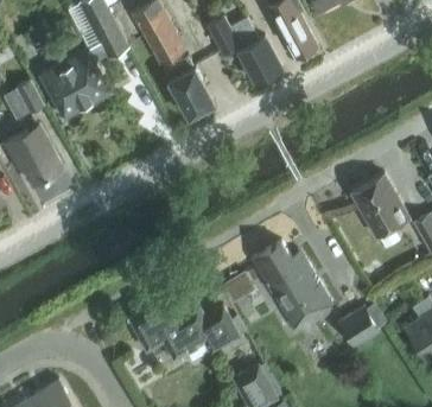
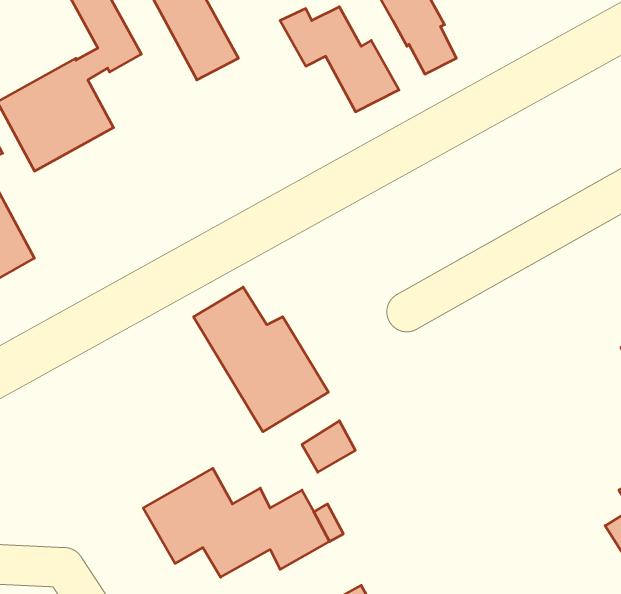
building: [165,58,215,119] -> none
building: [351,176,408,237] -> none
building: [252,243,332,330] -> [194,287,328,432]
building: [339,309,379,348] -> none

